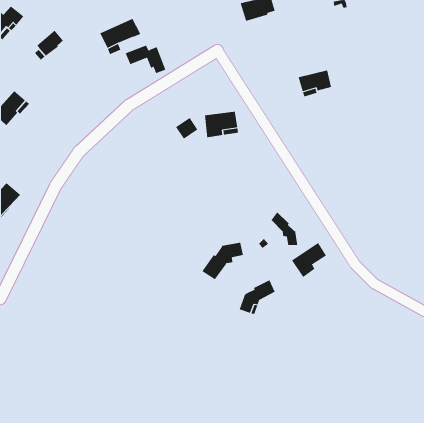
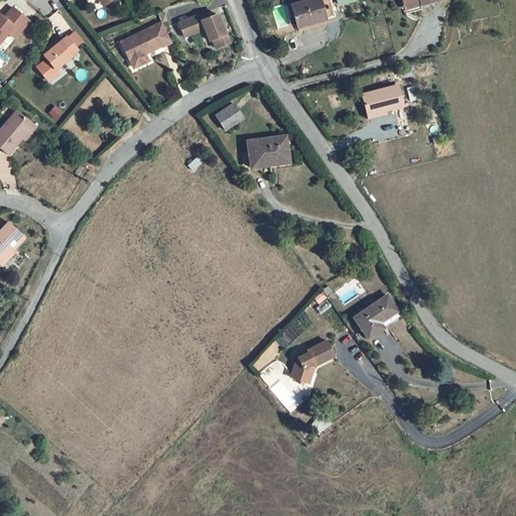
building: [125,45,166,74] -> [178,12,229,47]
building: [175,117,198,139] -> [216,102,244,129]
building: [271,212,298,246] -> none
building: [202,242,243,280] -> none

